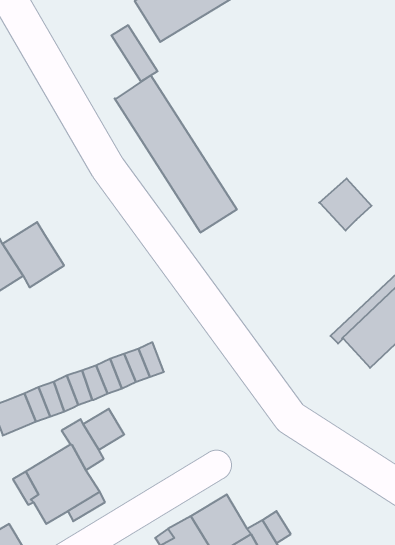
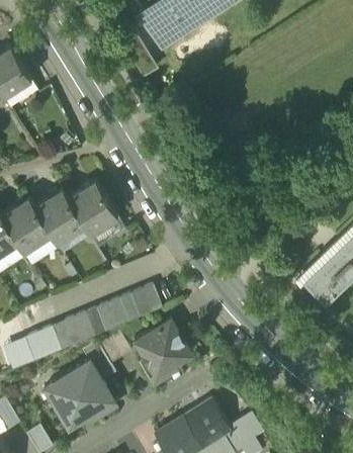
building: [115,75,237,233] -> none
building: [319,178,372,231] -> none
building: none -> [69,183,118,236]
building: none -> [135,320,193,389]

